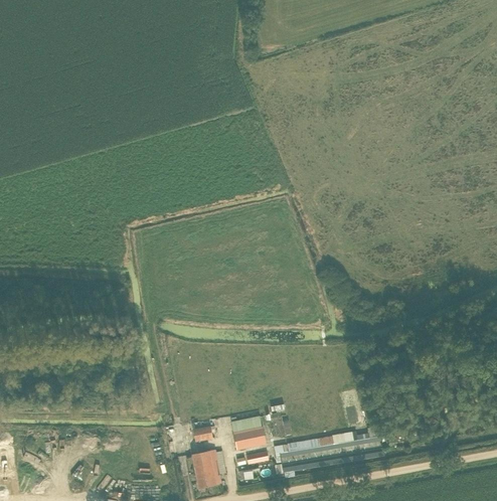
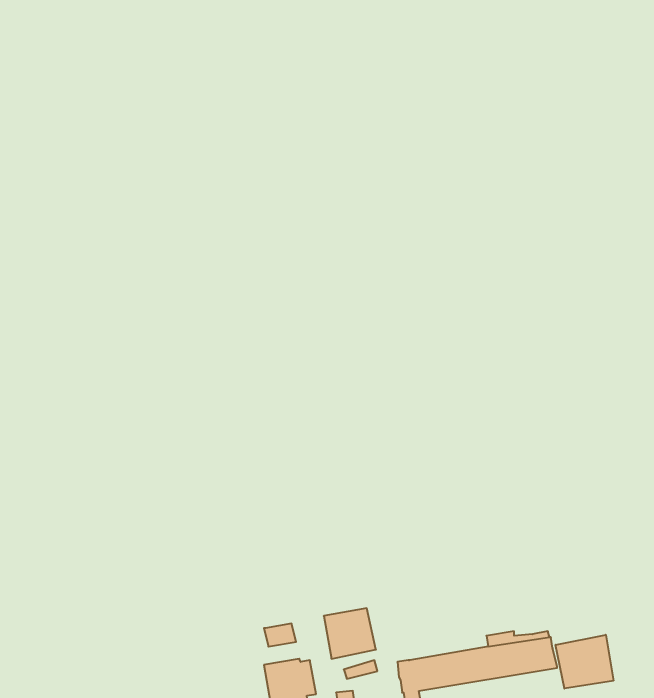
building: none -> [556,635,613,689]

